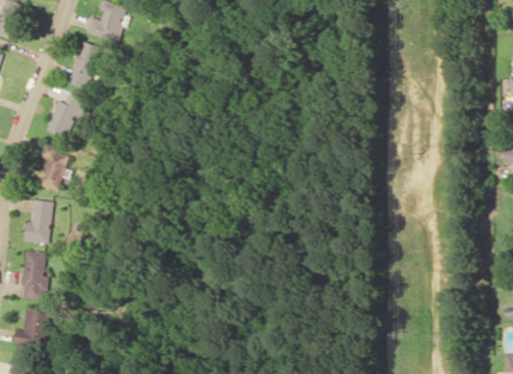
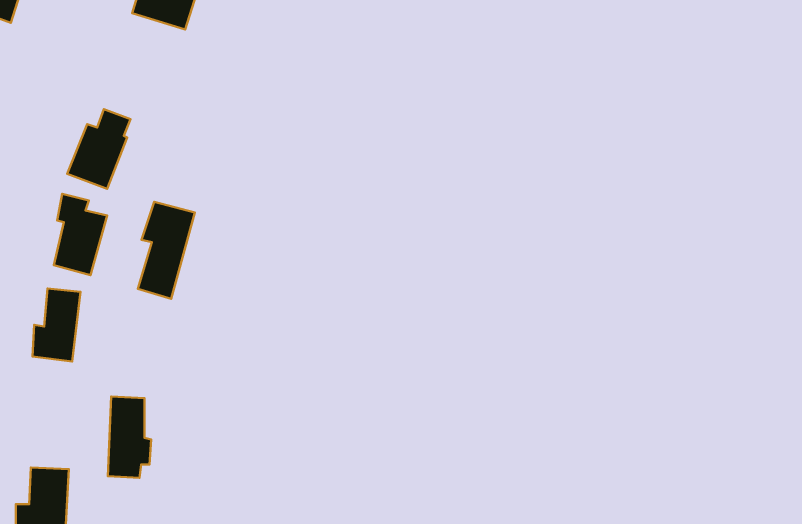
building: [67,41,101,89] -> none
building: none -> [138,202,195,299]
building: [22,251,48,300] -> [108,396,151,478]

